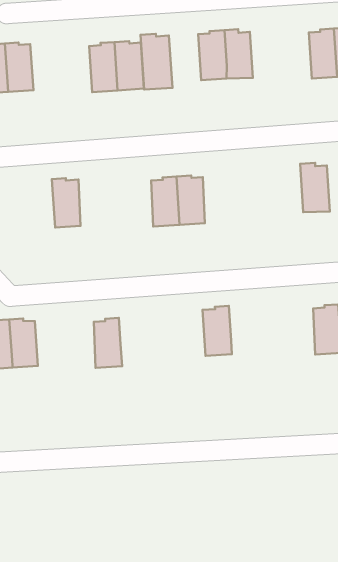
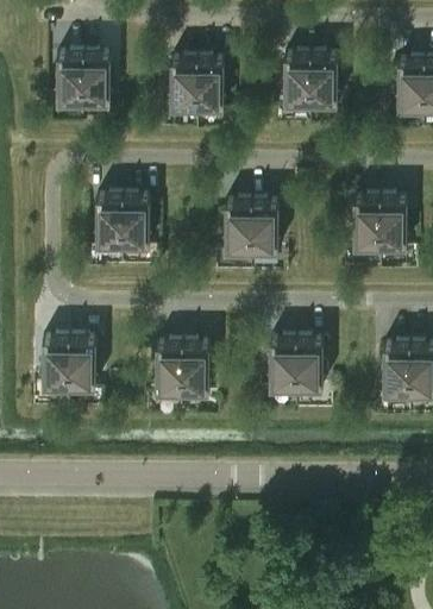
building: [140,34,172,90] -> none
building: none -> [353,195,379,245]
building: none -> [95,194,123,244]
building: none -> [296,337,322,388]
building: none -> [182,341,209,391]

